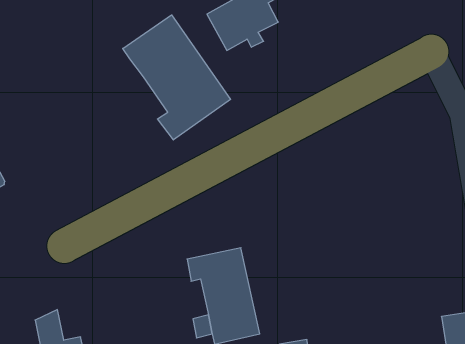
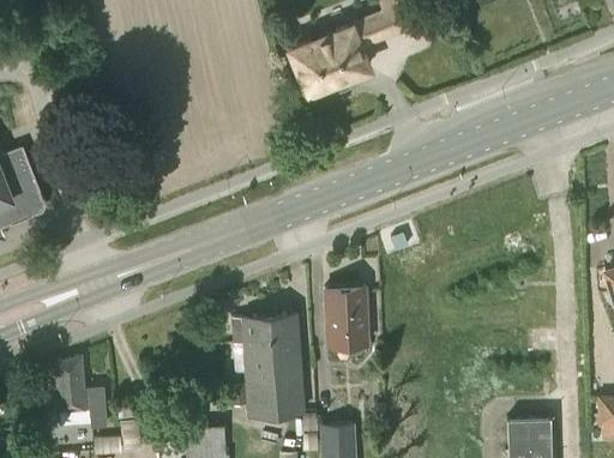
building: [123,15,231,140] -> none
building: none -> [324,288,368,346]

